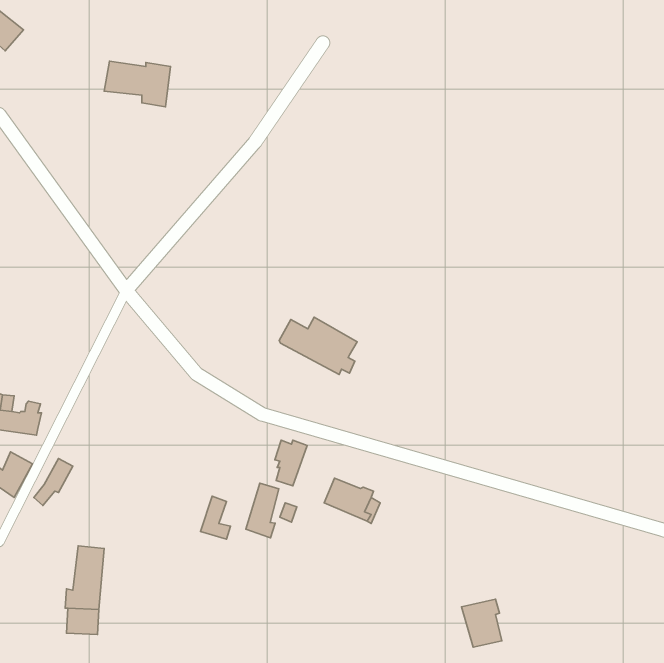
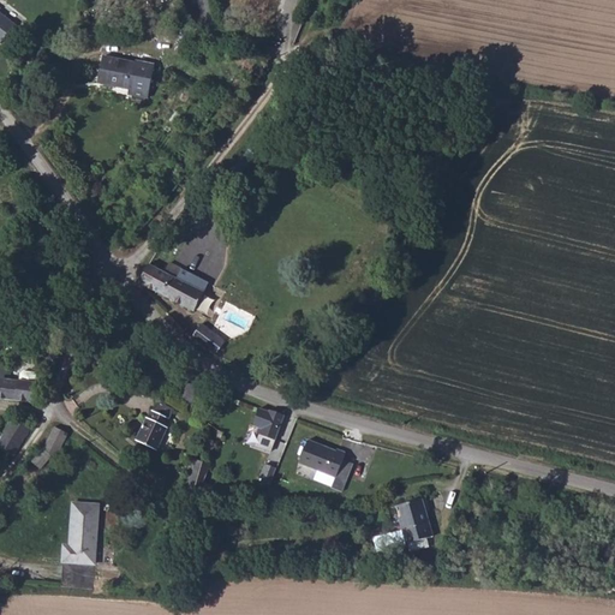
building: [279,317,357,374] -> [139,258,211,311]
building: none -> [189,321,227,356]
building: none -> [133,411,166,450]
building: [246,483,279,538] -> none
building: [462,599,502,647] -> [395,500,432,544]

